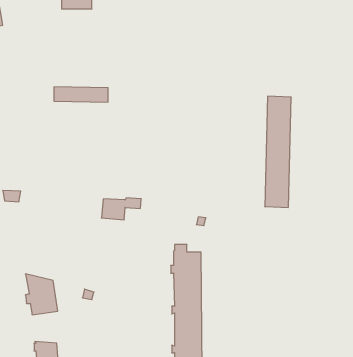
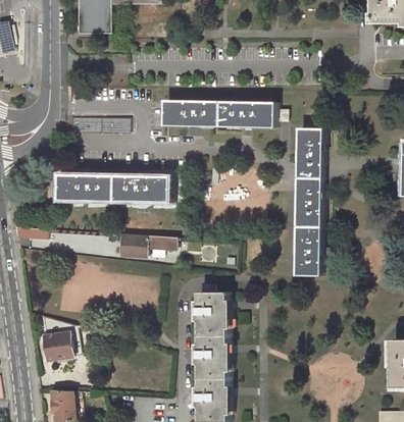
building: none -> [161,100,284,127]
building: none -> [56,175,168,202]
building: none -> [294,246,321,276]

